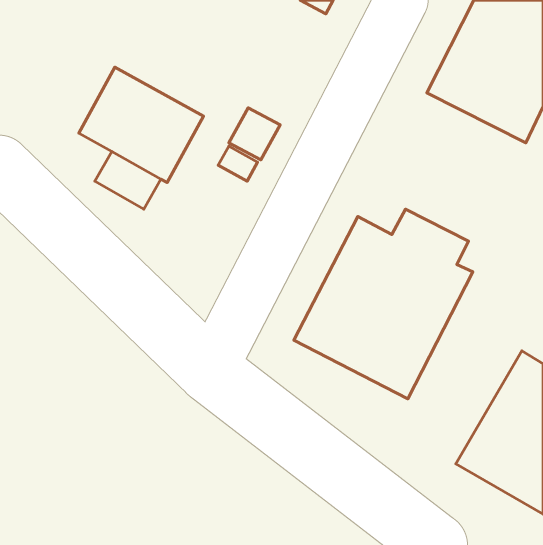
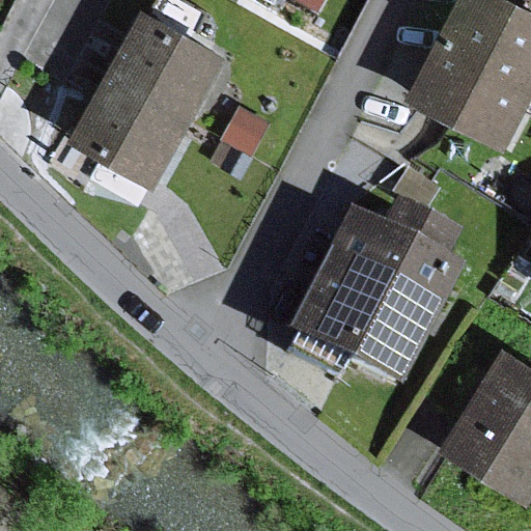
building: none -> [112,5,232,113]

